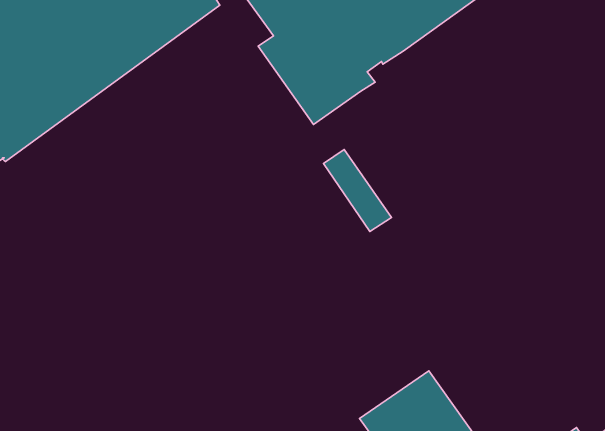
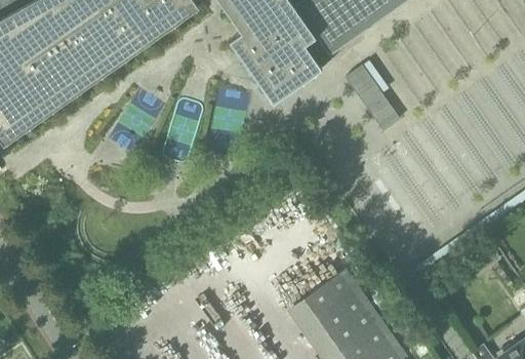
building: [324,149,392,232] -> [344,64,398,129]
building: none -> [290,269,366,337]

